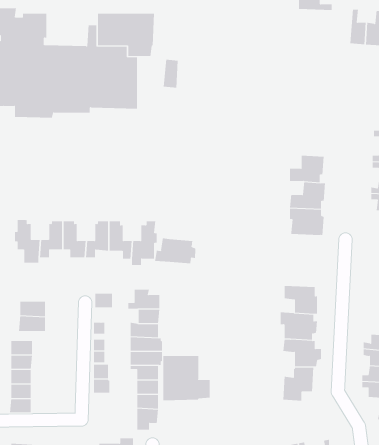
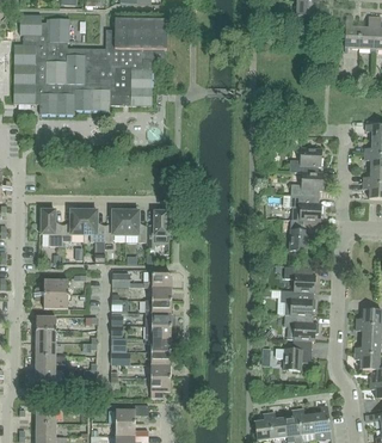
building: none -> [289,217,318,251]
building: [155,238,196,264] -> none
building: [163,355,210,401] -> none

